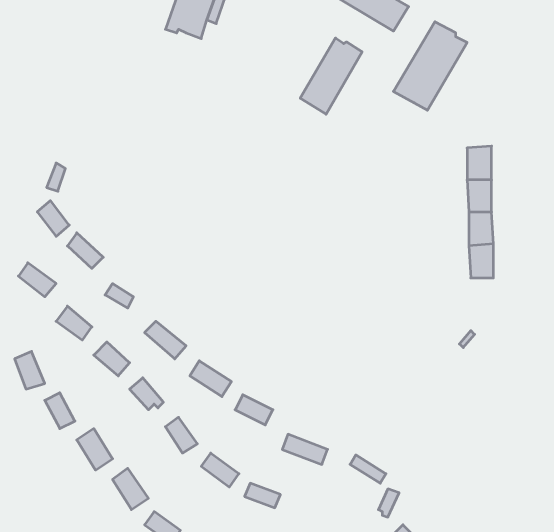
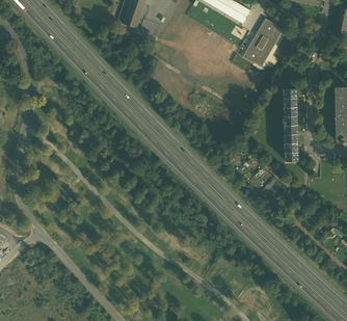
building: [300,38,362,114] -> none

